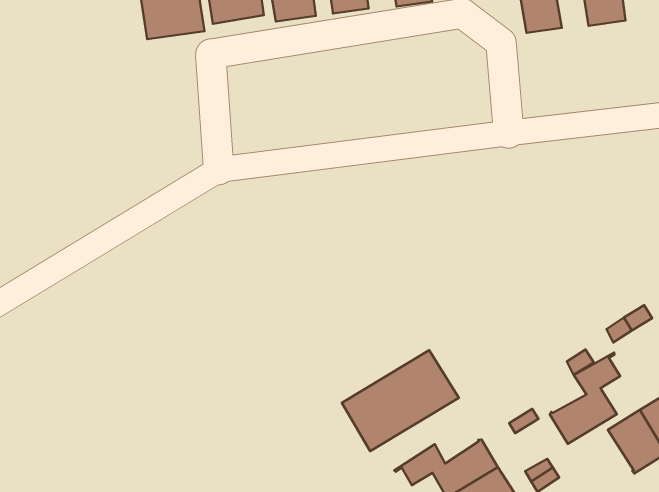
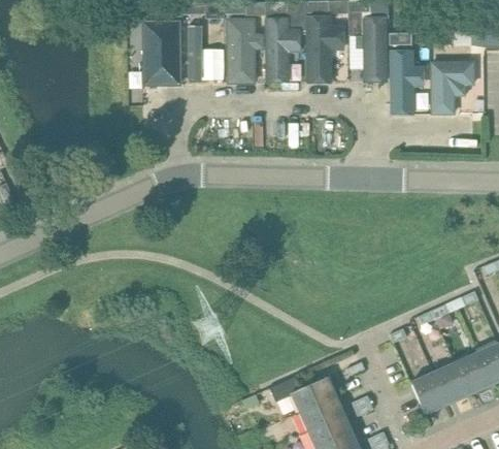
building: [342,350,459,451] -> none
building: [550,352,620,444] -> none

